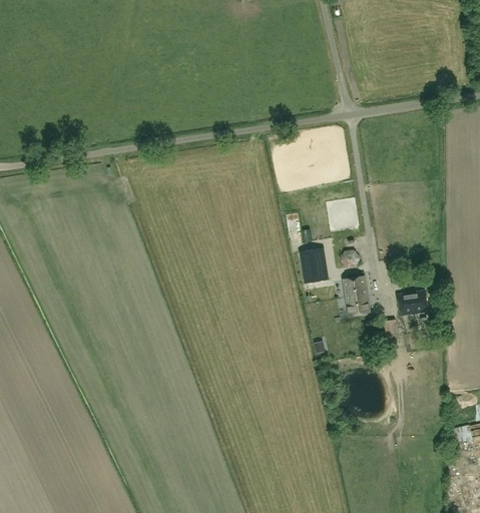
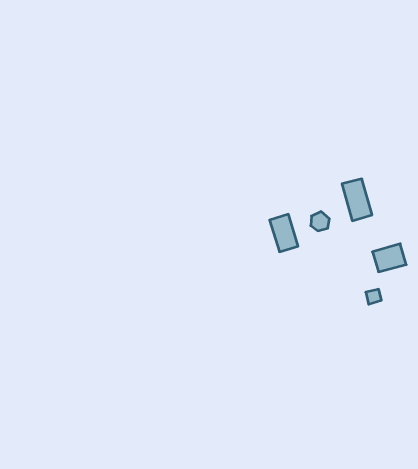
building: [346,276,371,315] -> [342,179,372,221]

